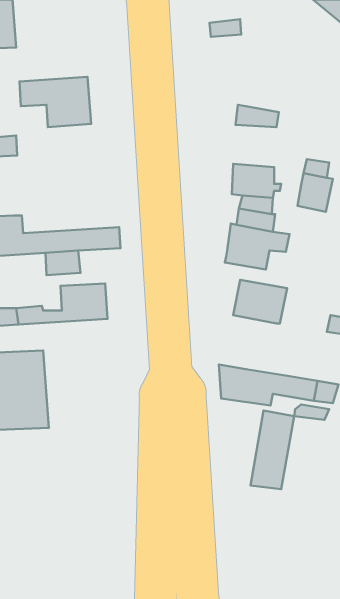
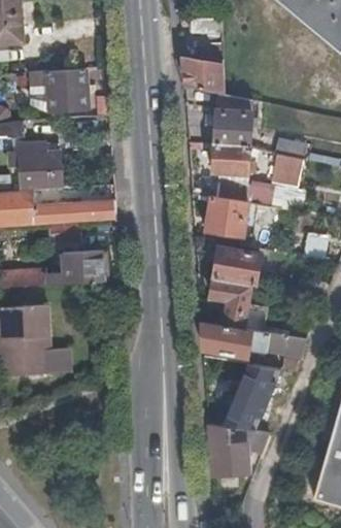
building: none -> [183,42,226,94]
building: none -> [214,110,252,147]
building: none -> [21,144,62,190]
building: none -> [211,277,268,331]
building: none -> [209,424,270,475]

